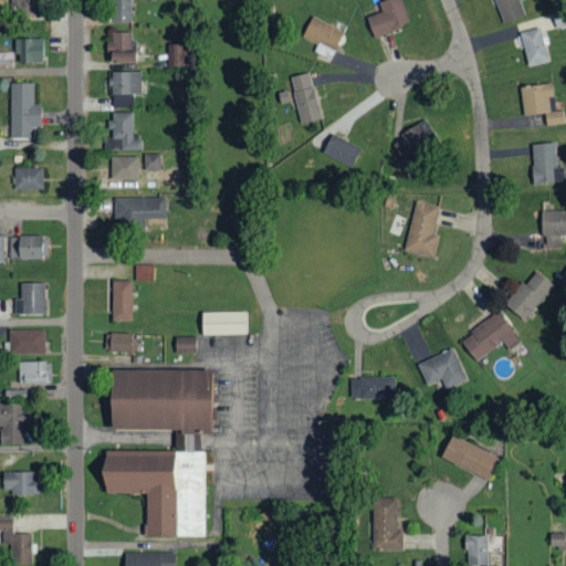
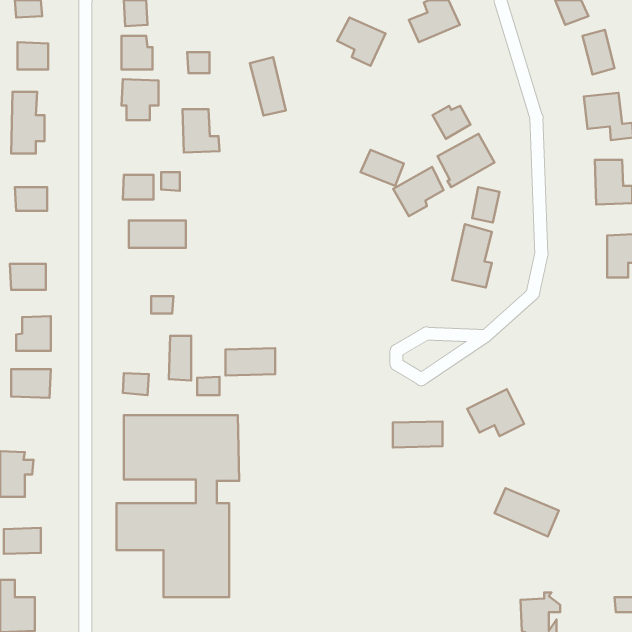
building: [290,72,322,124] -> [250,57,286,115]
building: none -> [433,106,471,139]
building: [111,113,144,151] -> [182,109,220,152]
building: none -> [393,167,443,216]
building: none -> [472,187,500,223]
building: [506,271,554,321] -> none
building: [113,282,133,322] -> [169,336,191,380]
building: [461,313,521,363] -> none
building: [18,363,52,386] -> none
building: [373,499,403,549] -> none

